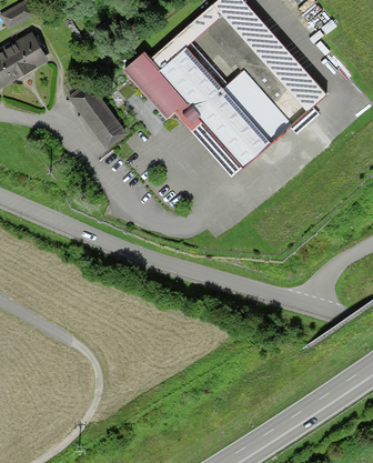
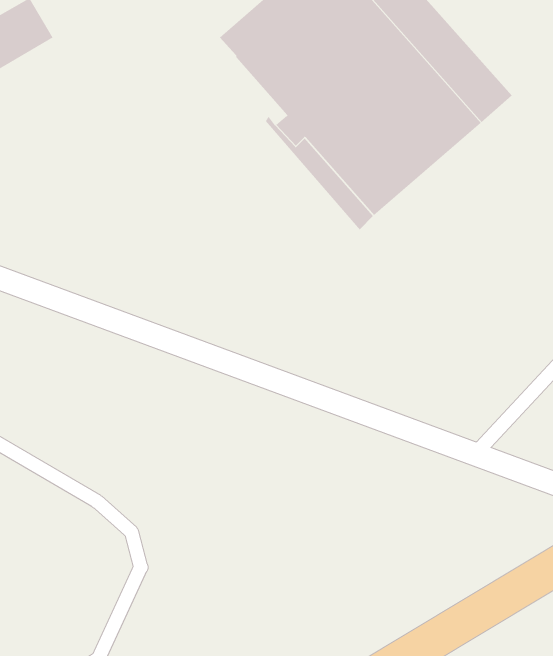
building: [123,50,188,115] -> none
building: [69,79,124,147] -> none

